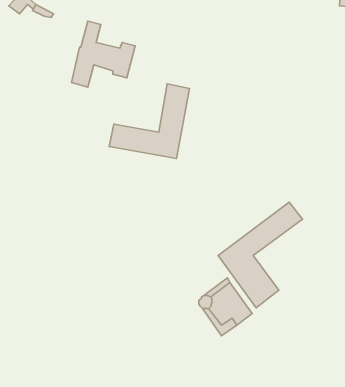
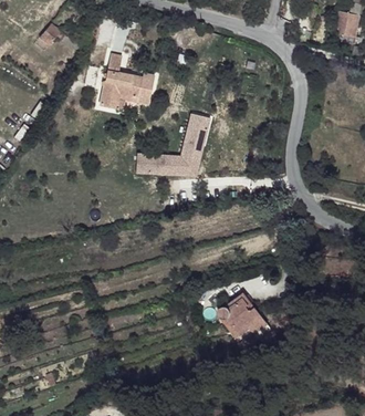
building: [218,202,303,308] -> none

